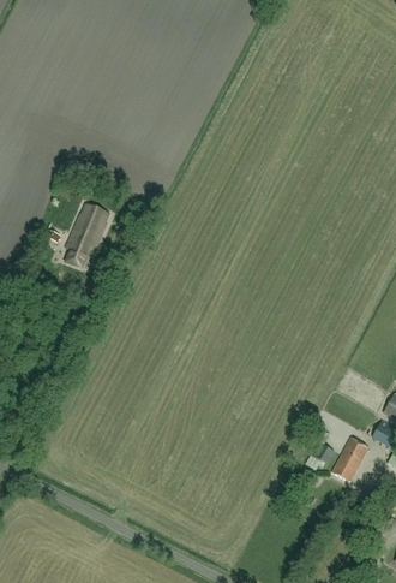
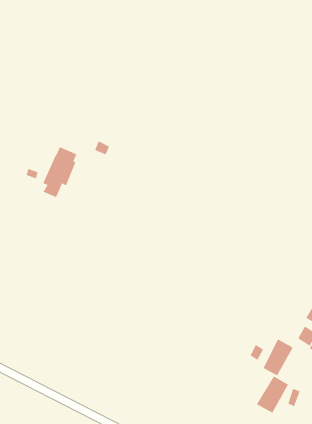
building: none -> [256,376,289,414]

